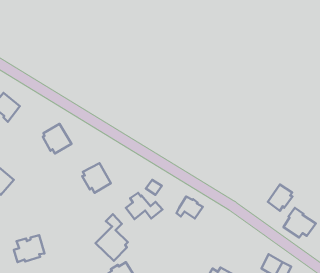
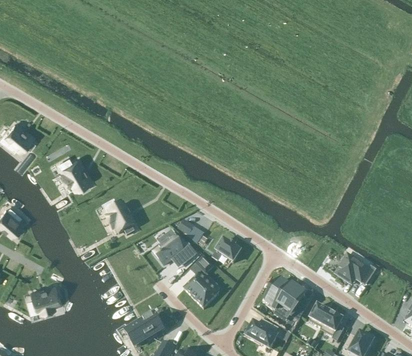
building: [268,185,292,211] -> none
building: [95,214,128,261] -> [183,255,220,308]
building: none -> [267,280,305,314]

